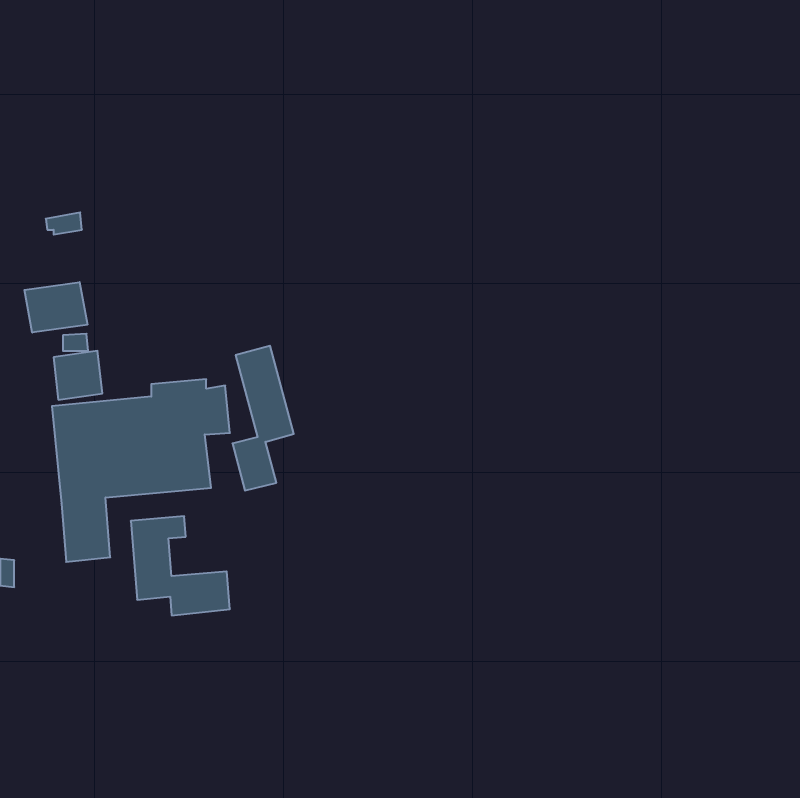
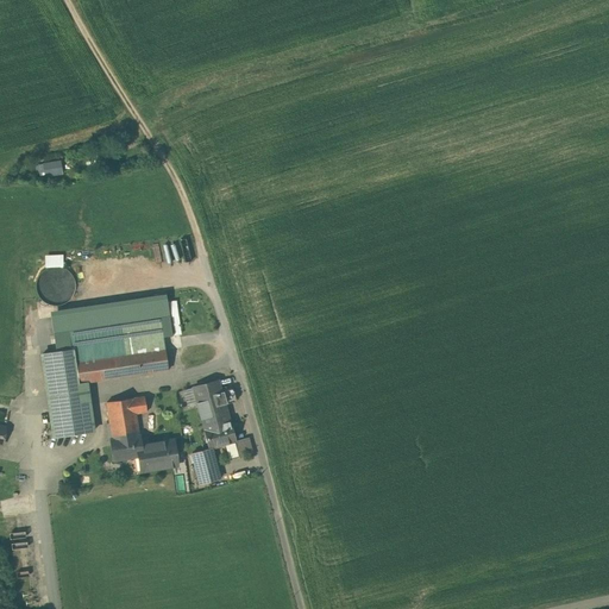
building: [24,282,87,333] -> none
building: [232,346,294,491] -> [193,383,239,492]

